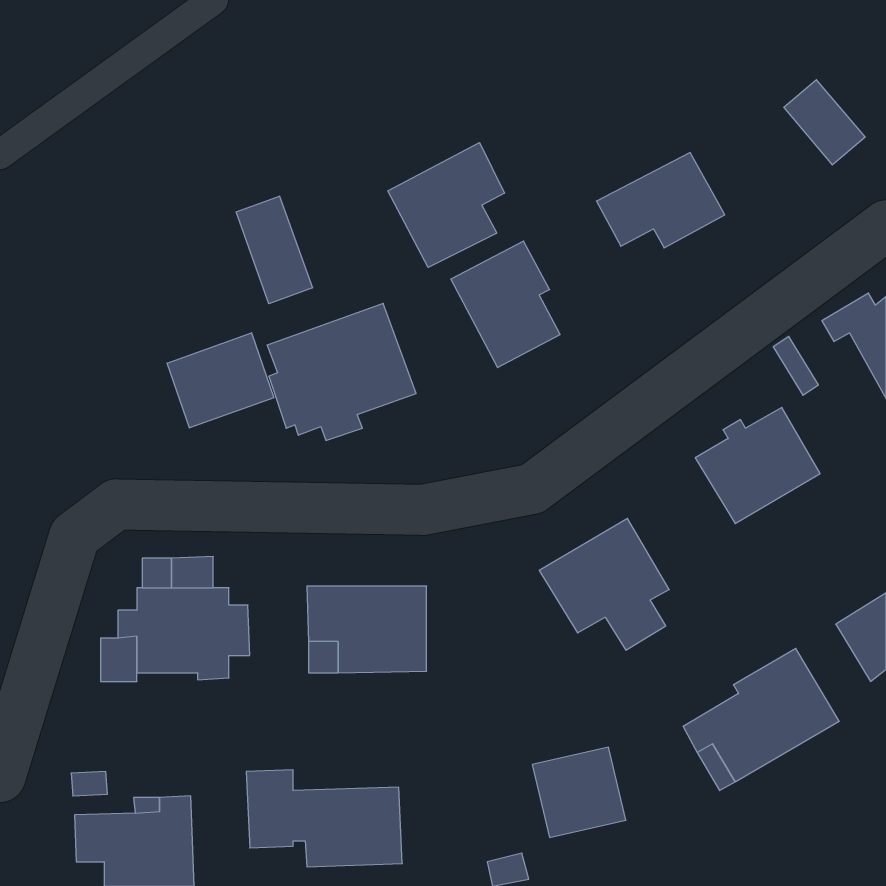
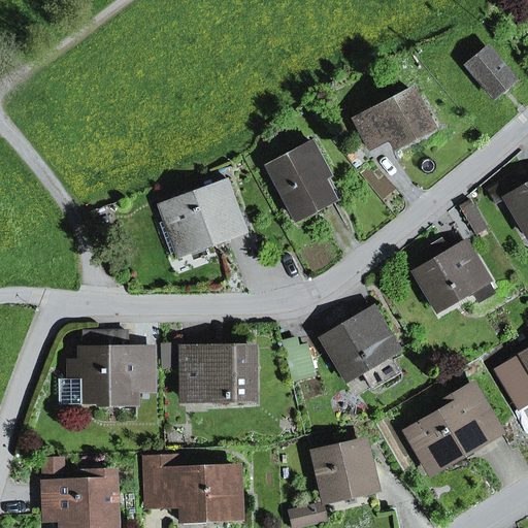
building: [388,143,504,267] -> none
building: [236,196,312,304] -> none
building: [167,333,274,428] -> none

